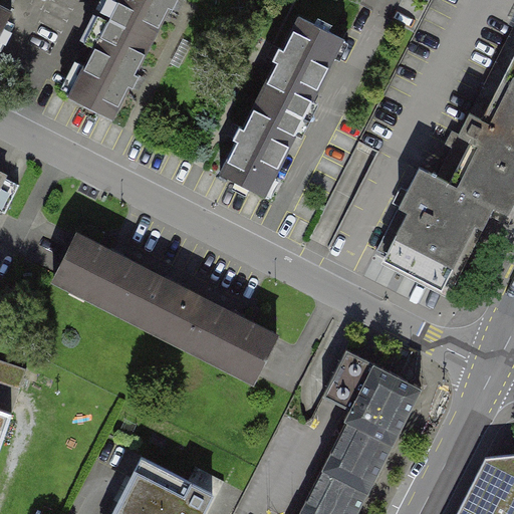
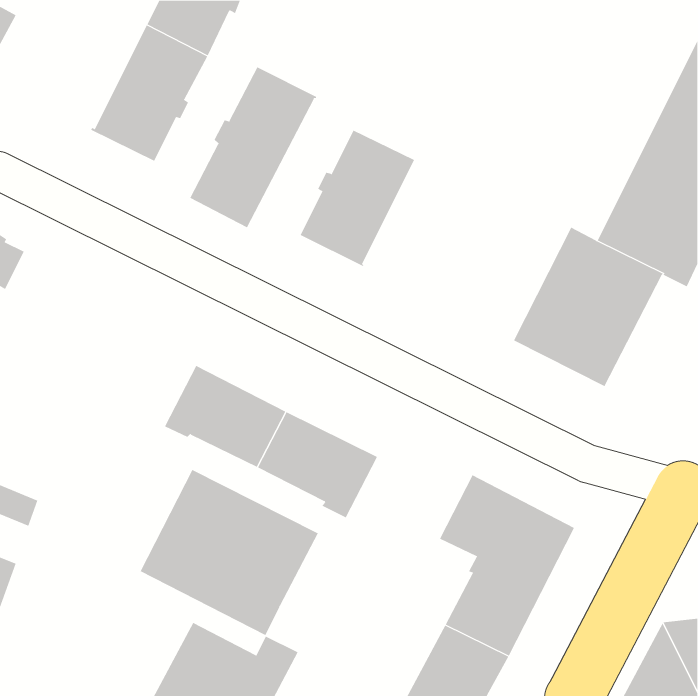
building: [259,19,345,119] -> none
building: none -> [190,66,317,228]
building: [54,237,144,315] -> none
building: none -> [140,469,319,636]

